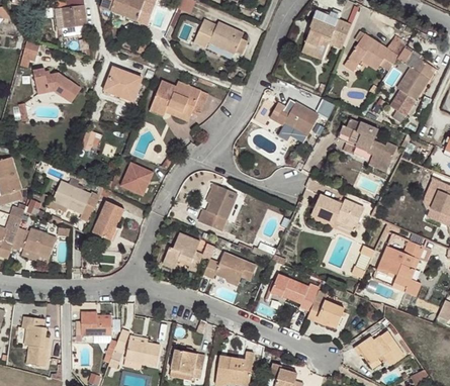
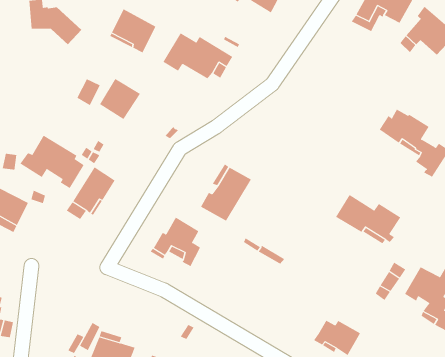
building: [269,101,319,134] -> none
building: [120,162,154,195] -> [99,78,141,120]
building: [203,252,257,283] -> none
building: [270,273,321,312] -> none
building: [81,311,112,335] -> none

